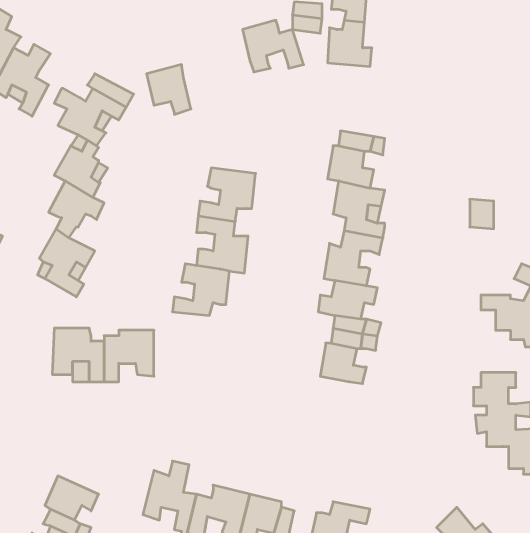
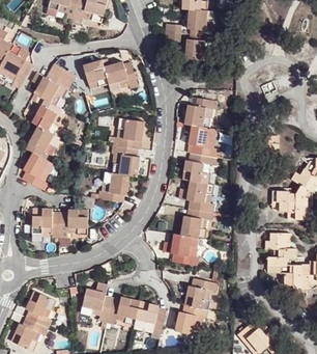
building: [243,20,304,72] -> [104,61,138,90]
building: none -> [162,234,198,265]
building: none -> [183,279,218,309]

